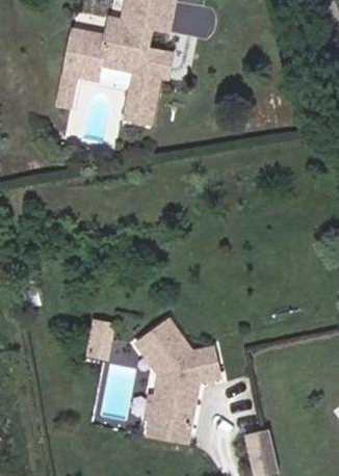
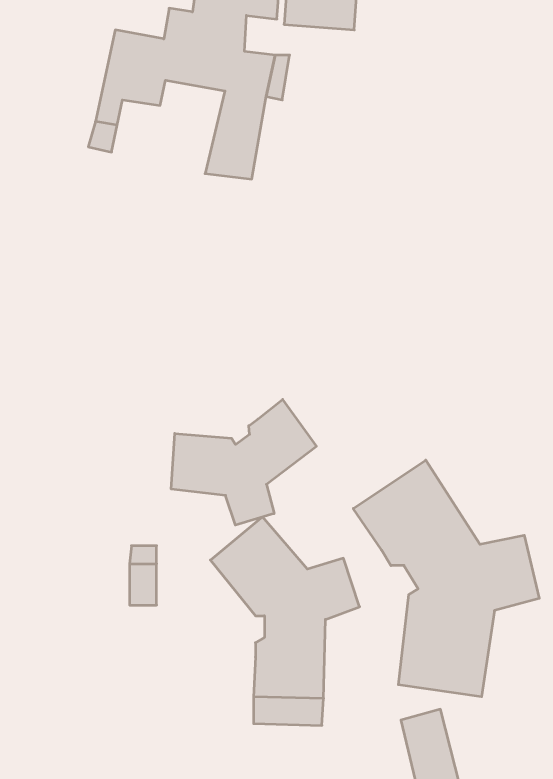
building: none -> [171,399,316,525]
building: none -> [353,460,539,697]

